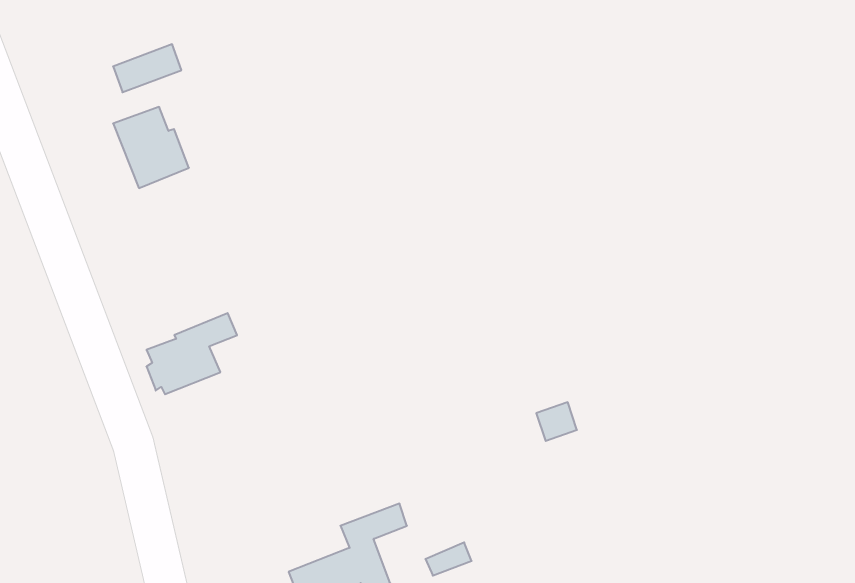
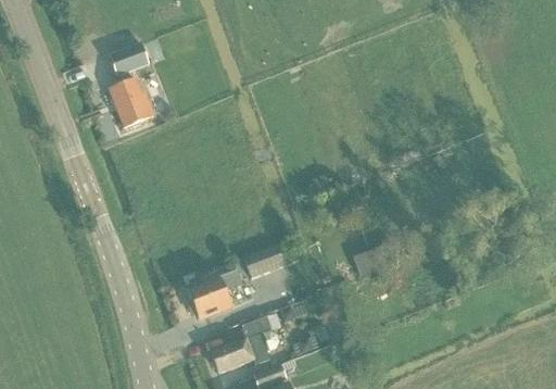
building: [146,313,237,394] -> [188,269,241,317]
building: none -> [244,242,286,277]

